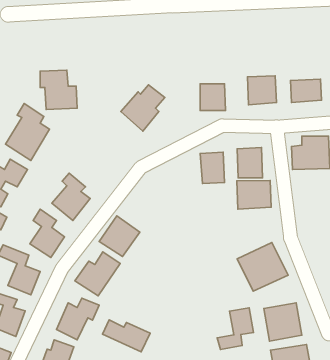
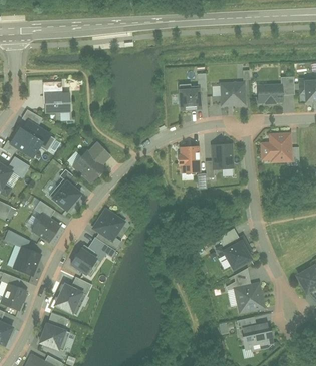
building: [121,85,165,131] -> [72,141,110,181]
building: [237,180,271,209] -> none
building: [217,308,253,349] -> none
building: [102,320,150,352] -> none

